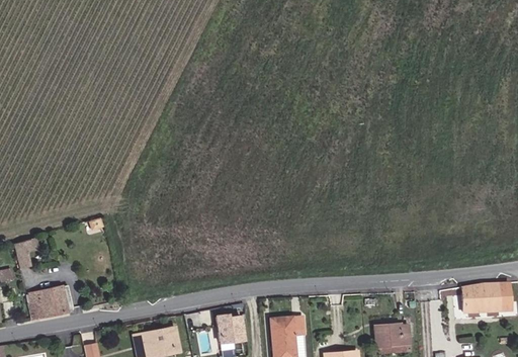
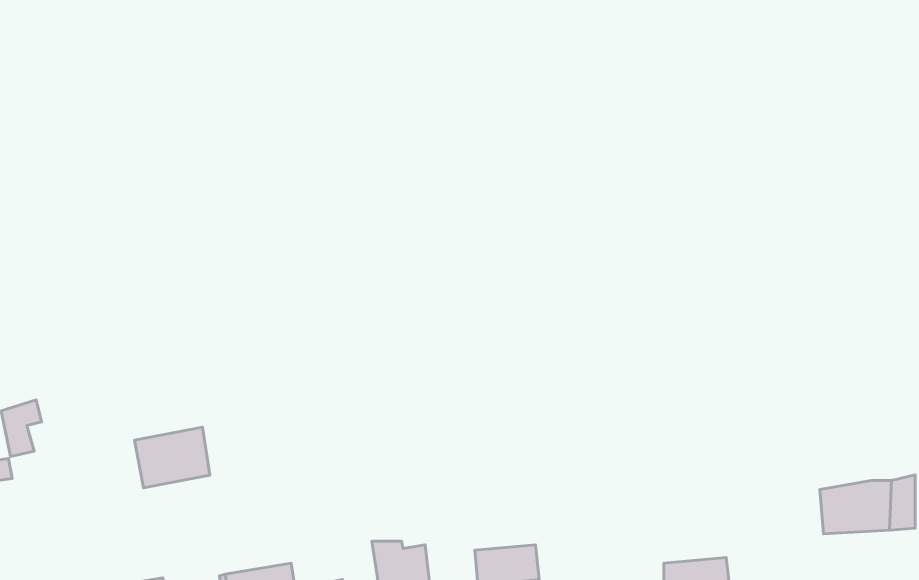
building: [29,287,71,321] -> [134,427,210,488]

